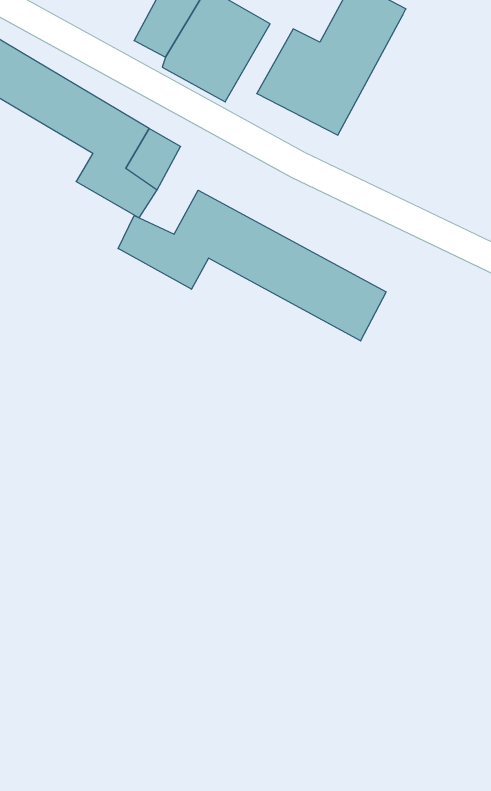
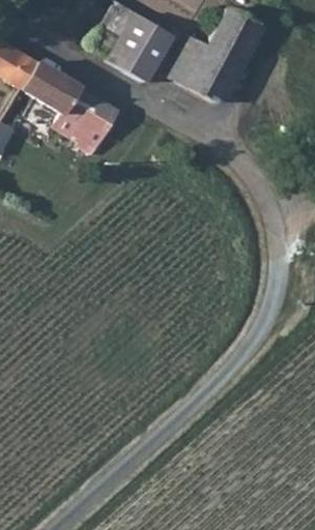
building: [118,190,386,341] -> none

